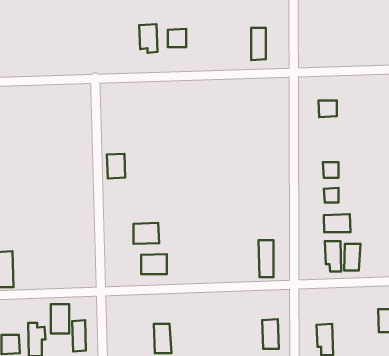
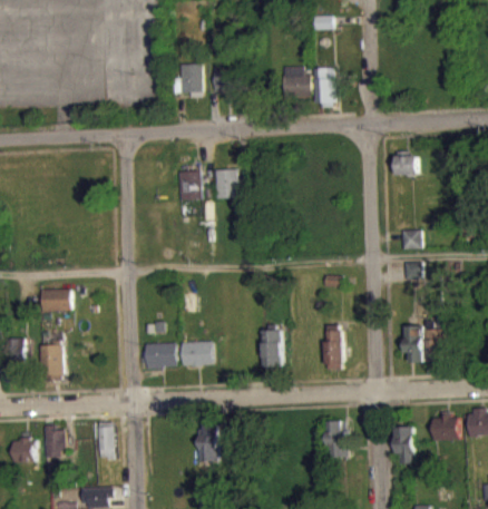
building: none -> [282,67,310,97]
building: none -> [214,169,235,199]
building: [107,154,125,179] -> [177,170,199,200]
building: none -> [41,290,71,312]
building: [324,214,350,232] -> none
building: [133,223,159,244] -> [145,343,176,369]
building: none -> [261,331,282,370]
building: [51,304,69,333] -> [41,345,64,381]
building: none -> [432,414,458,441]

